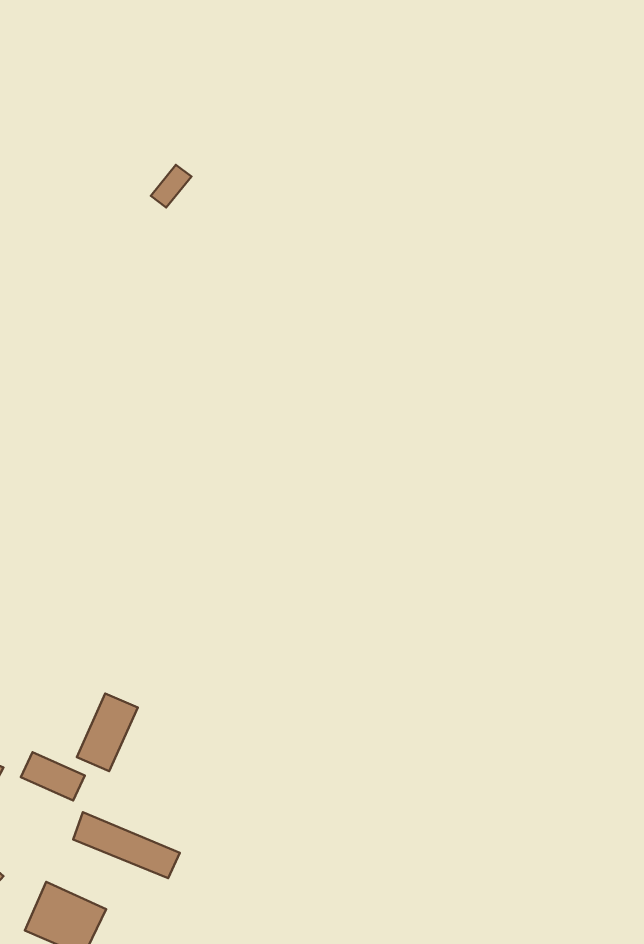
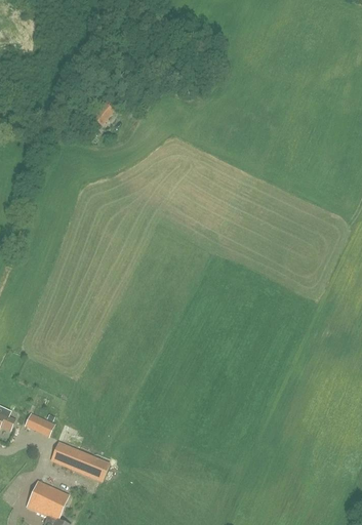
building: [77,693,138,771] -> none

